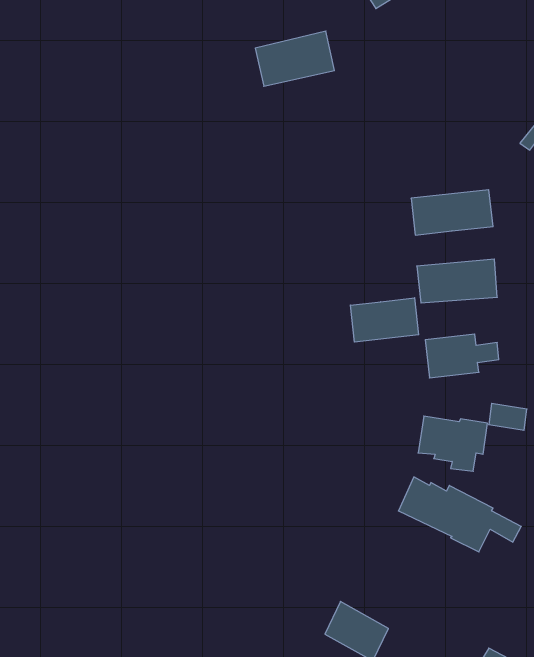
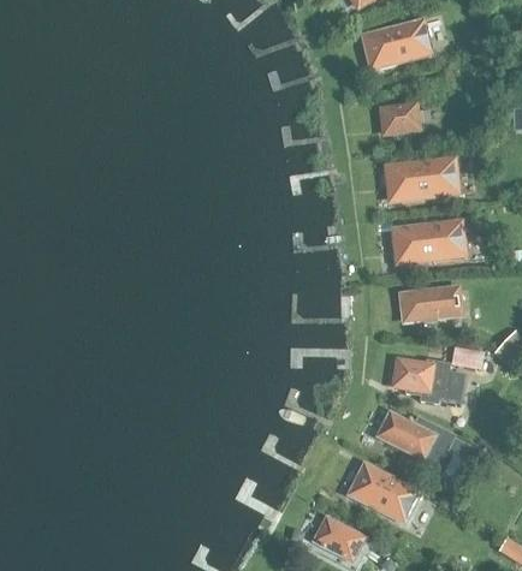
building: [255,31,334,86] -> [360,19,427,66]
building: none -> [379,101,431,139]
building: [350,298,419,342] -> none
building: none -> [340,458,411,517]

